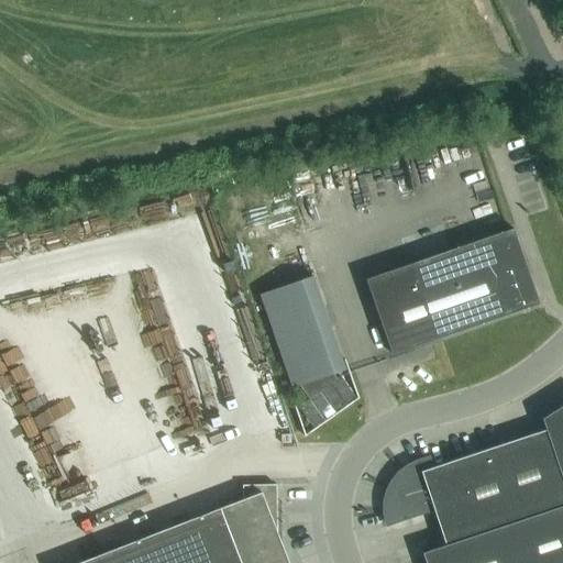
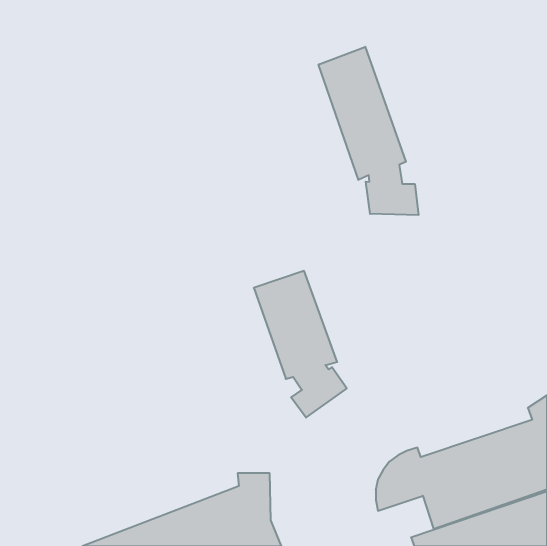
building: none -> [319,47,418,215]
building: [366,230,540,356] -> none

